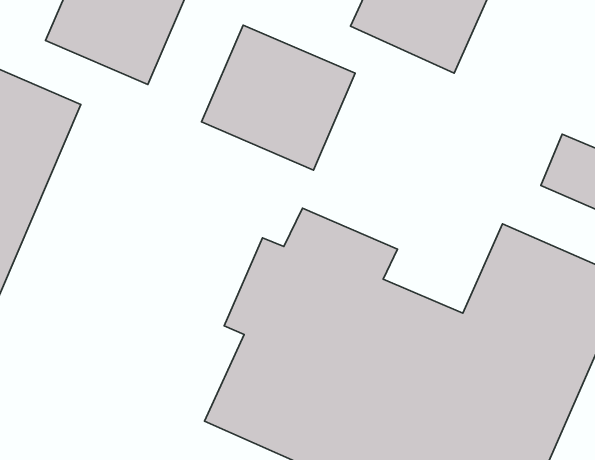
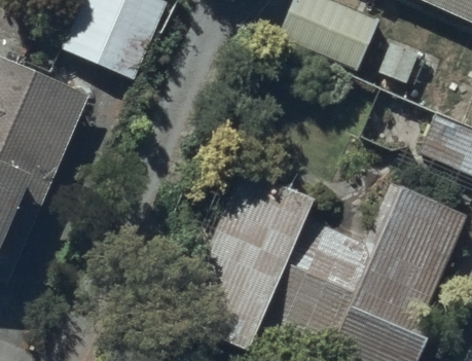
building: [201,25,355,170] -> none

